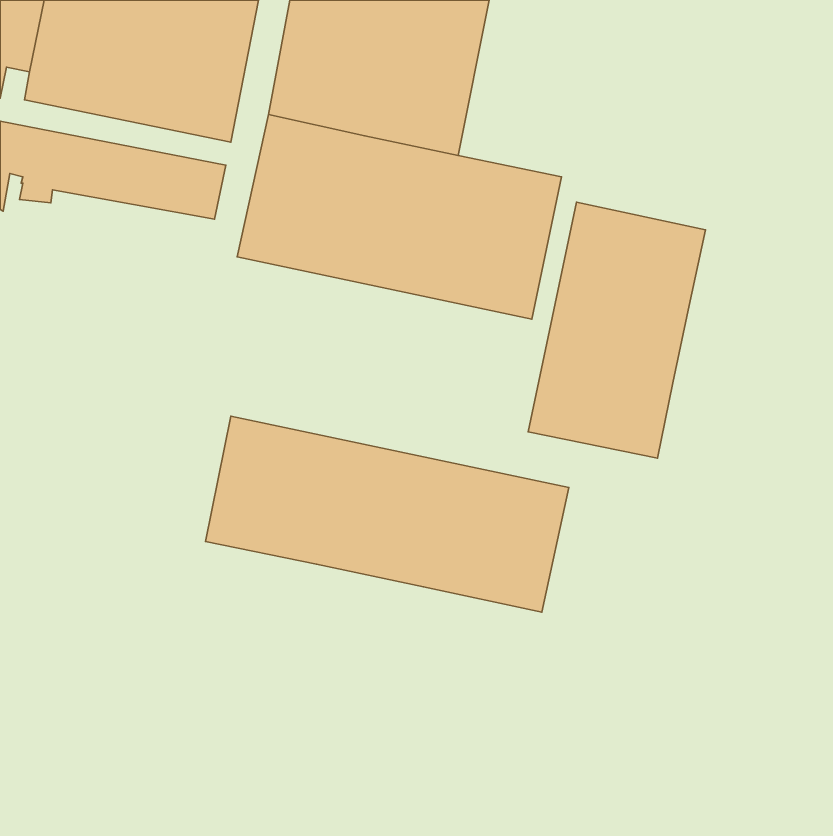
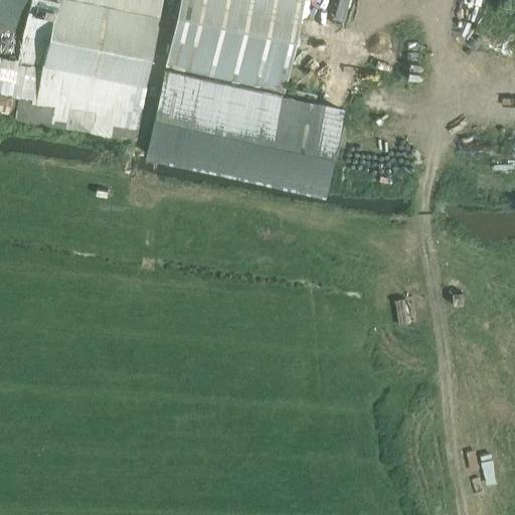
building: [528,202,705,458] -> none
building: [205,416,569,612] -> none

